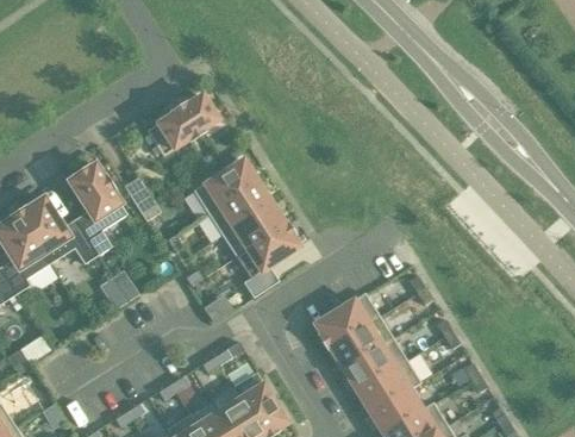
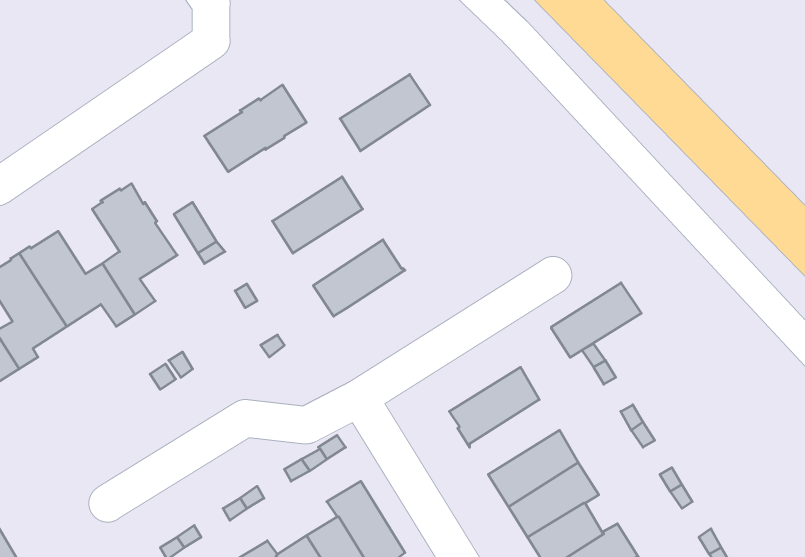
building: [206,182,269,236] -> [340,74,430,151]
building: [235,225,298,298] -> none
building: [330,316,393,368] -> [551,283,641,357]

